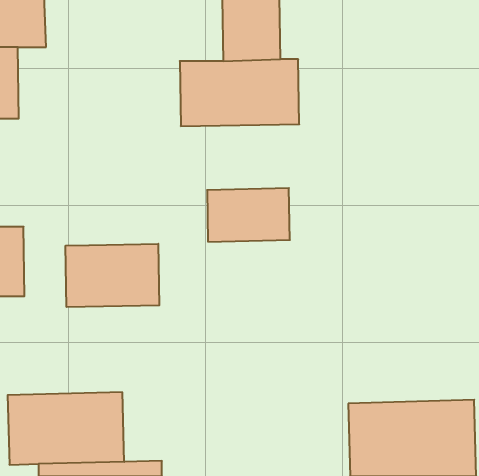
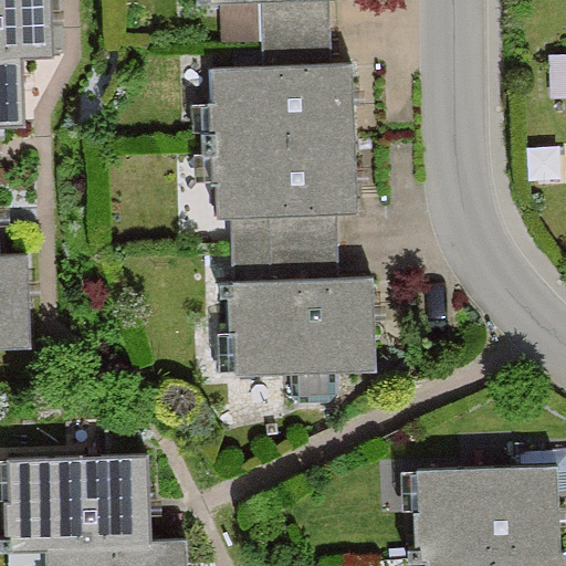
building: none -> [212,146,353,223]
building: none -> [223,282,374,374]
building: [66,244,159,307] -> none

